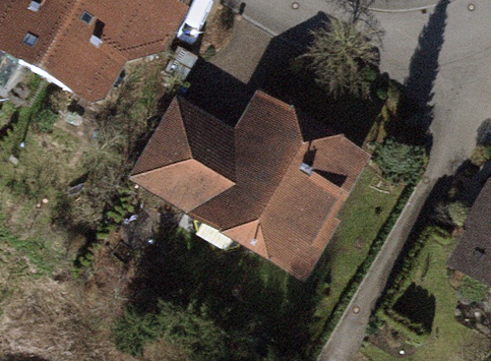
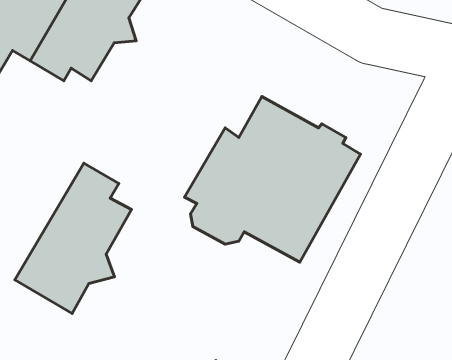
building: [135,98,232,198] -> none
building: none -> [15,163,132,314]

